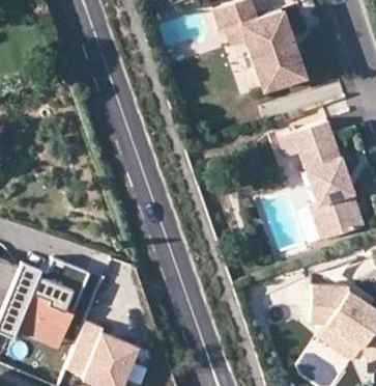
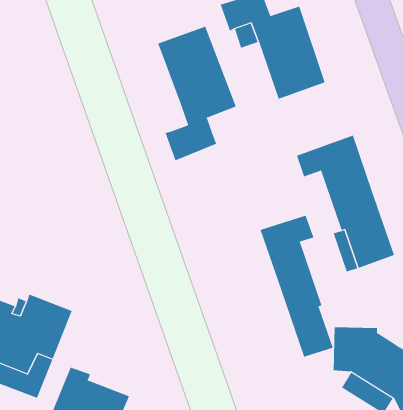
building: none -> [157,26,236,161]
building: none -> [260,215,333,357]

